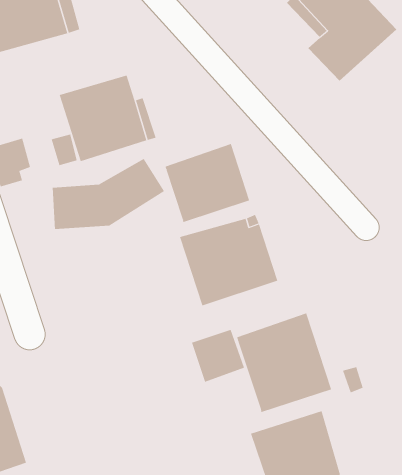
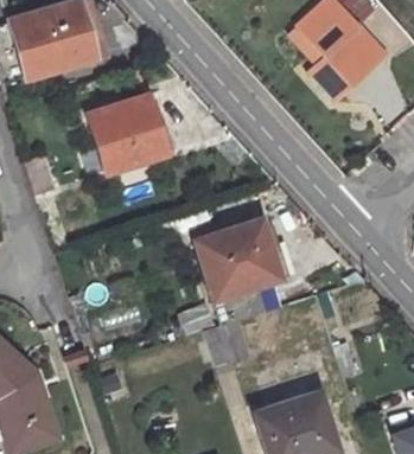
building: [165,143,250,223] -> none
building: [52,158,165,230] -> none
building: [237,312,332,413] -> none

